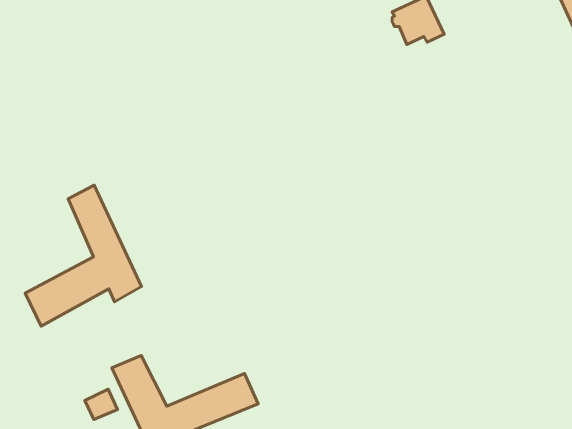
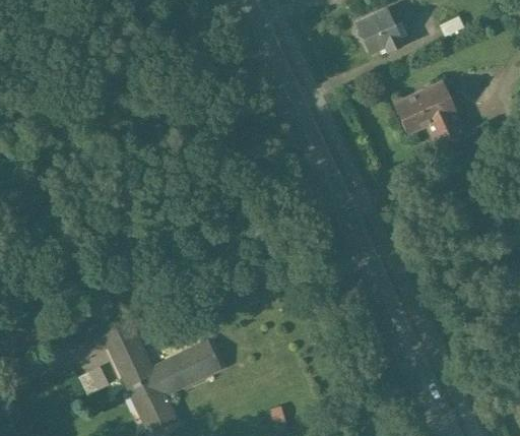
building: none -> [394,77,466,143]
building: [25,185,142,326] -> none

